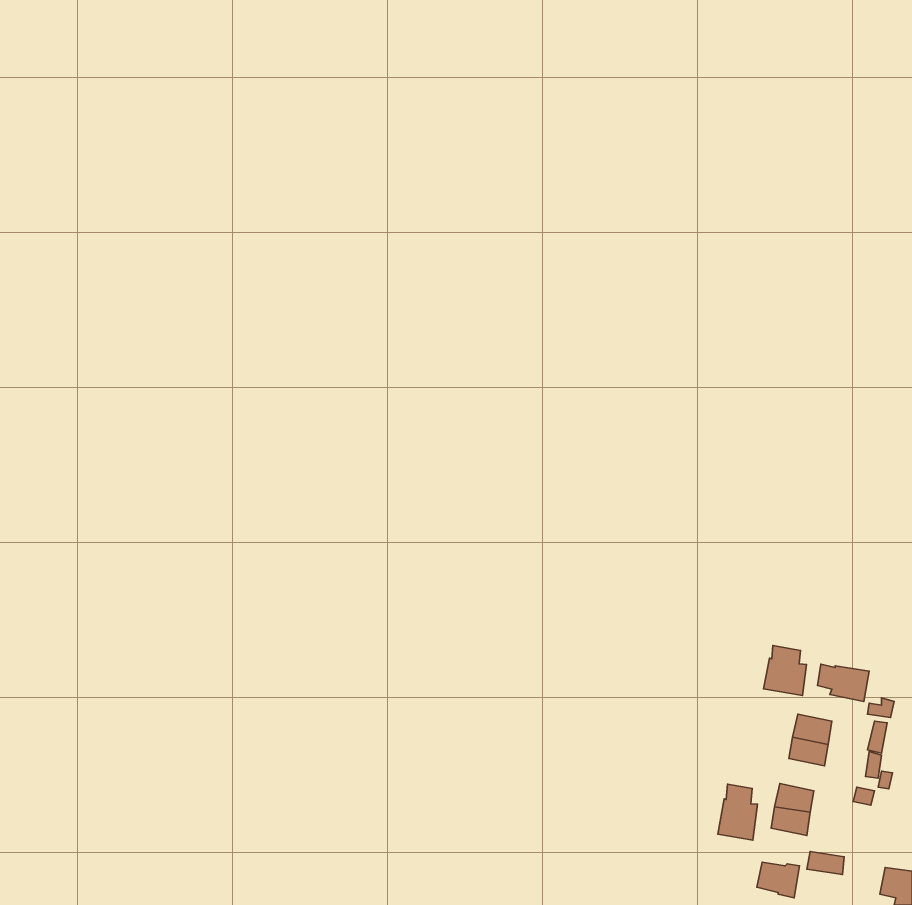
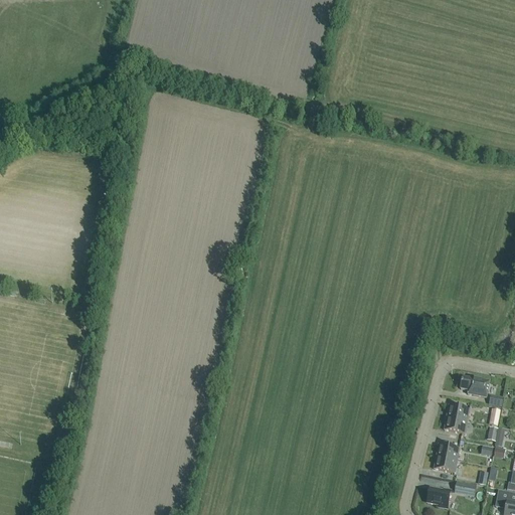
building: [763,645,807,696] -> none
building: [718,784,757,840] -> none

